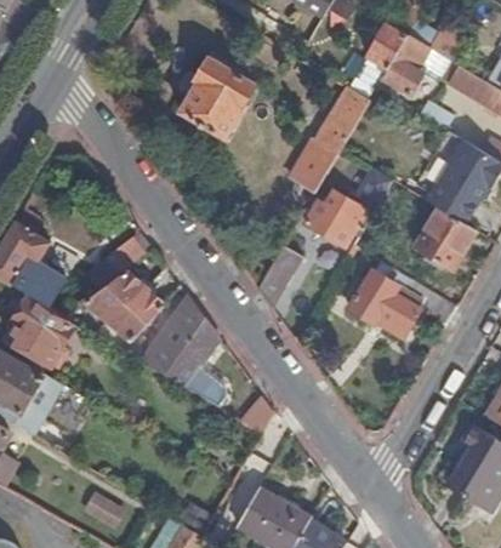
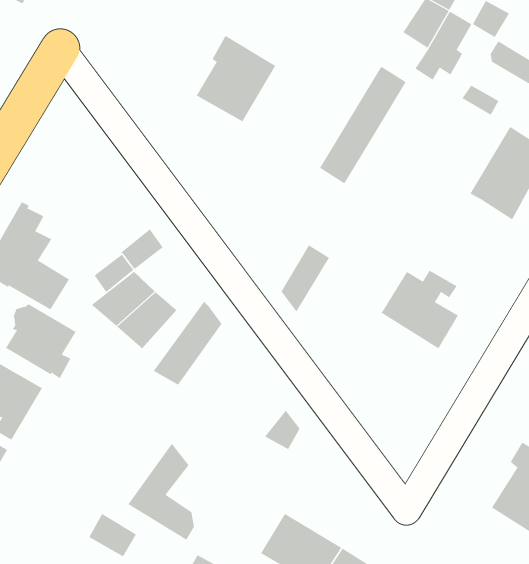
building: [304,172,393,245] -> none
building: [414,209,474,269] -> none
building: [164,318,224,406] -> [128,442,195,540]

